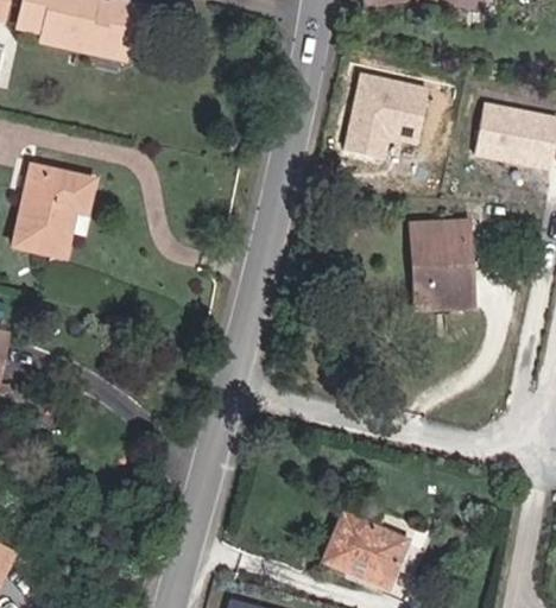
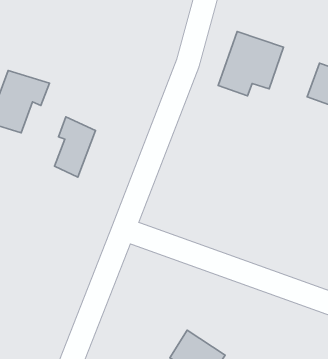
building: none -> [54,117,95,177]
building: [412,227,470,311] -> none

